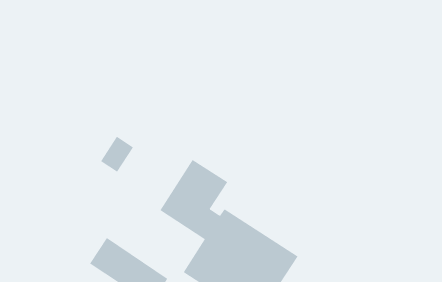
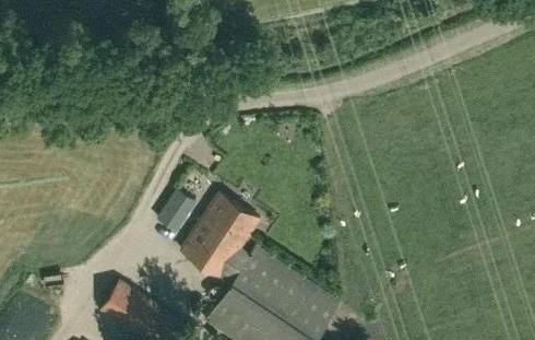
building: [100,136,134,173] -> [157,191,195,233]

